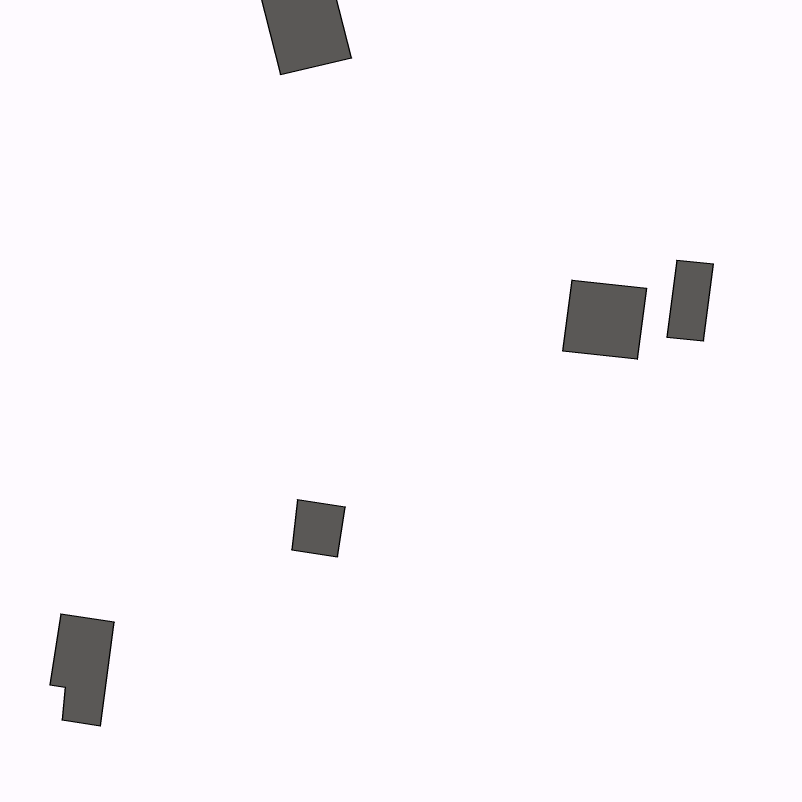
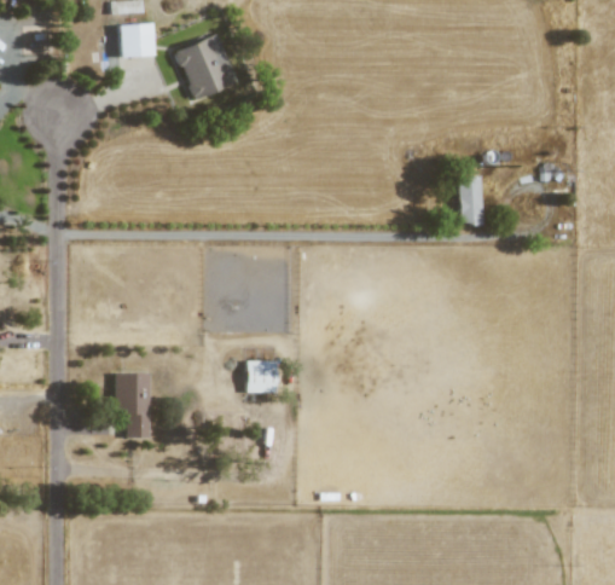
building: [563,280,646,359] -> none
building: [50,614,114,726] -> [116,373,151,439]

